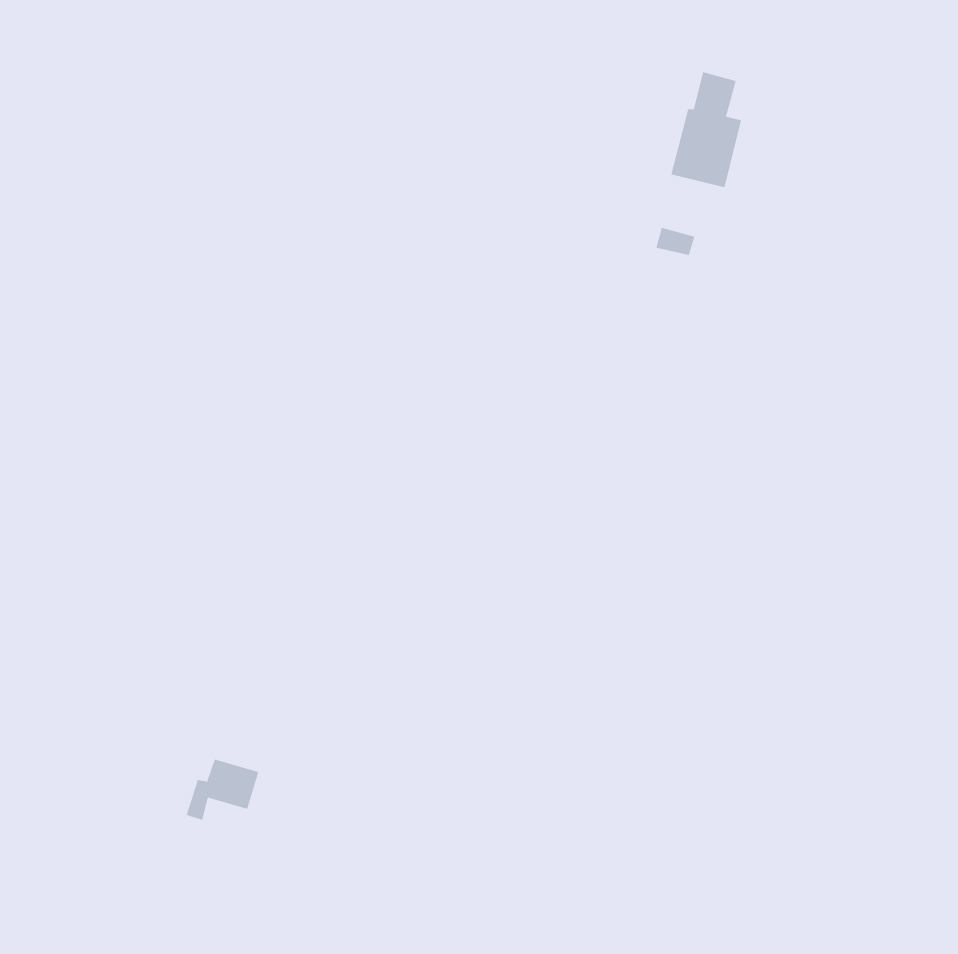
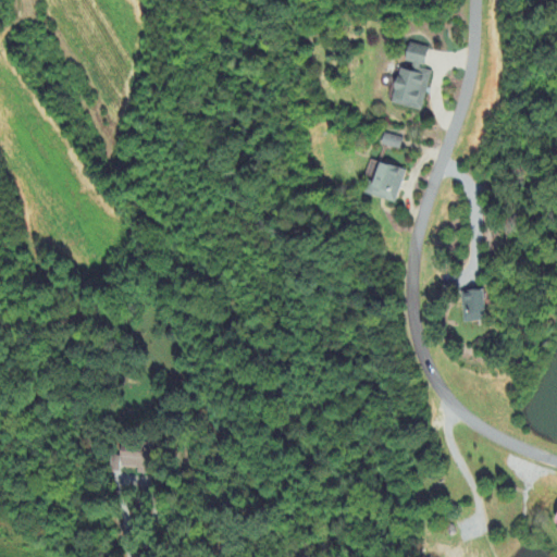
building: none -> [363,162,405,201]
building: none -> [462,289,484,320]

